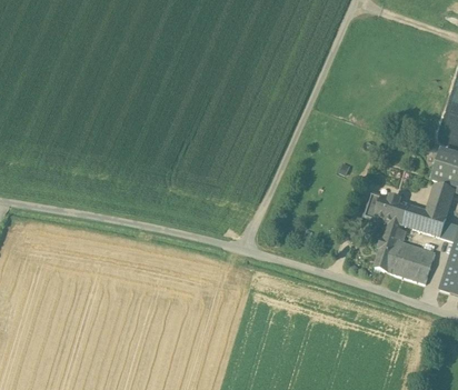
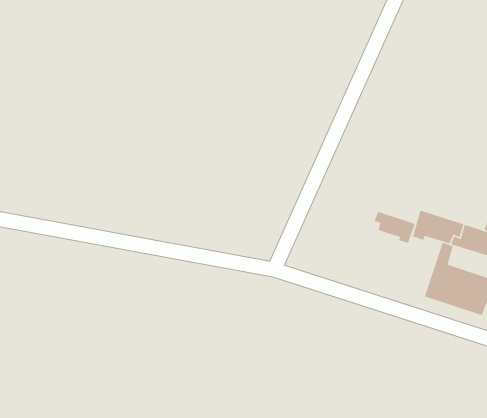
building: none -> [374,211,416,244]

